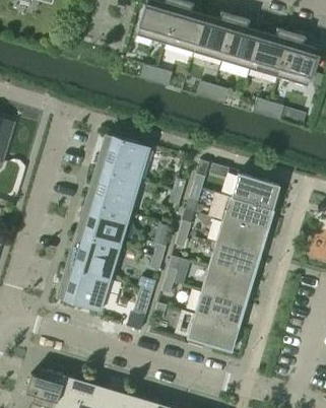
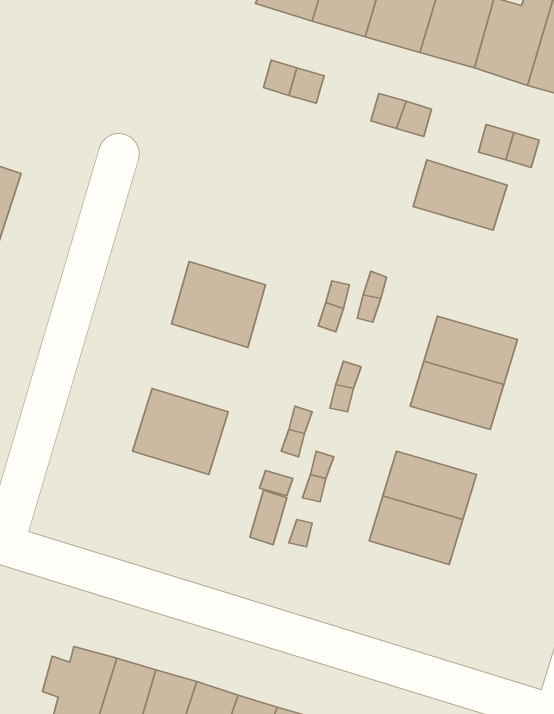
building: [102,135,151,181] -> none
building: [231,173,279,209] -> [413,160,507,230]
building: [82,201,132,246] -> none
building: [209,244,258,279] -> none
building: [63,267,112,310] -> none
building: [188,314,237,350] -> none

